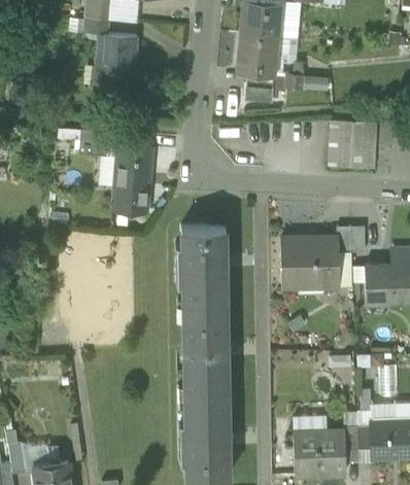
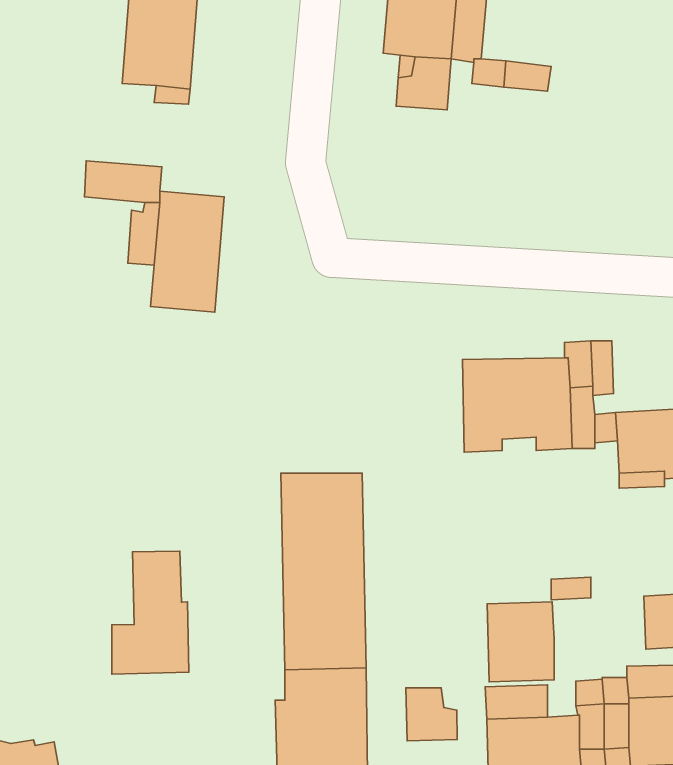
building: [329,120,378,168] -> none
building: [176,226,227,299] -> none
building: none -> [112,551,189,674]
building: none -> [487,602,554,682]
building: none -> [406,688,457,741]

